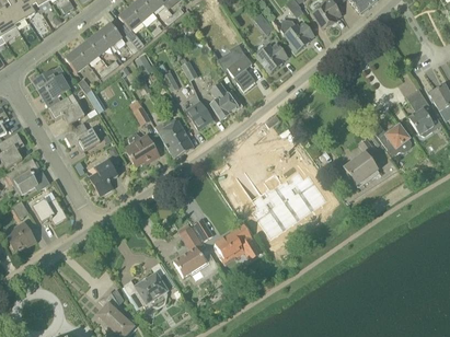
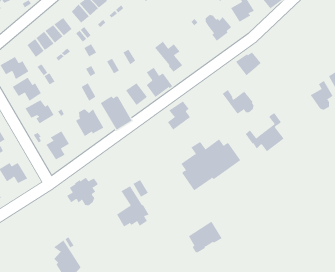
building: [256,43,288,72] -> [235,52,261,76]
building: [371,121,411,152] -> [222,89,254,115]
building: none -> [167,100,191,130]
building: [215,224,256,264] -> [188,221,223,253]
building: [131,272,171,307] -> [66,177,99,206]

